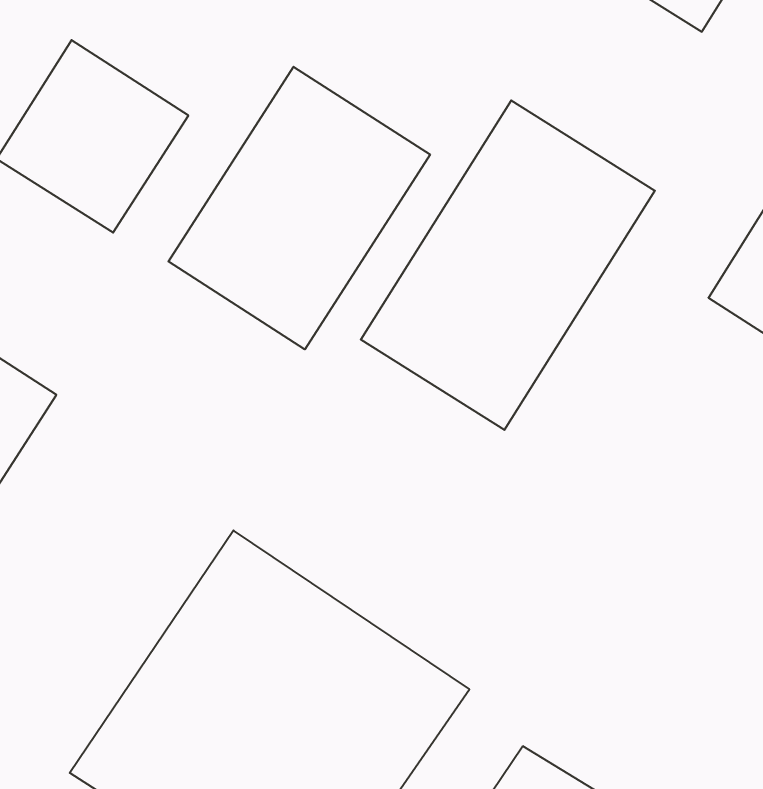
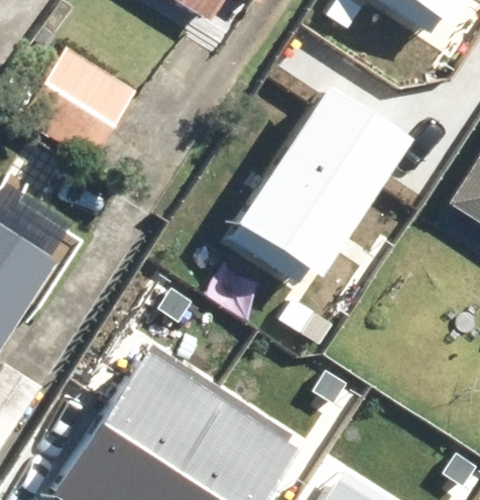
building: [168,67,430,349] -> none

